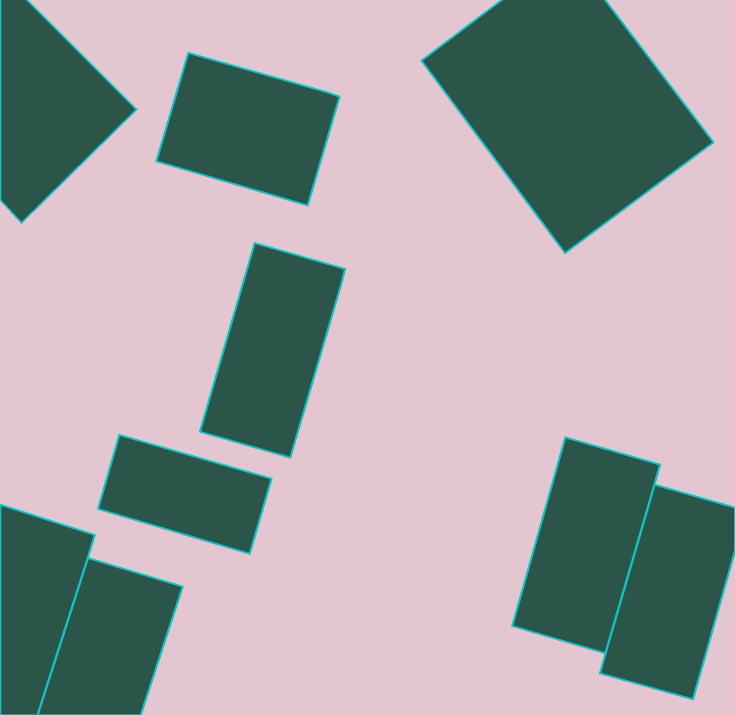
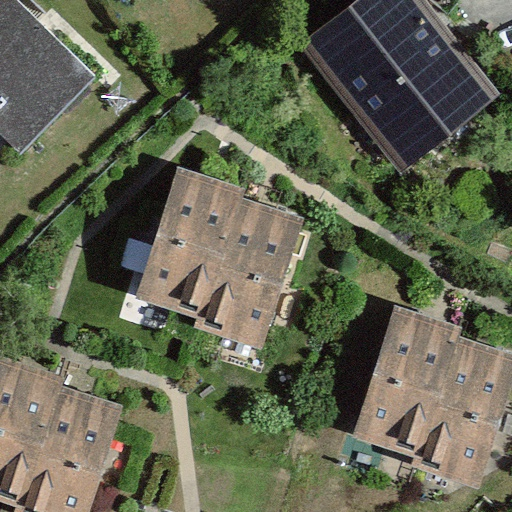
building: [157,53,340,205] -> none
building: none -> [198,199,301,349]
building: [98,435,271,554] -> none

